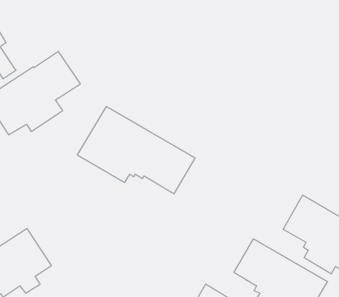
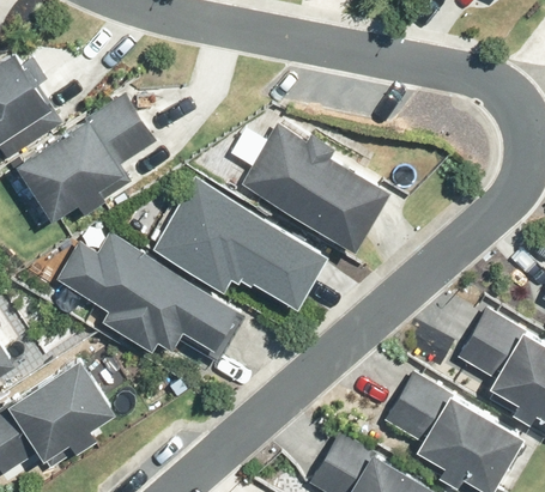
building: none -> [241,124,389,250]
building: none -> [56,235,237,351]

